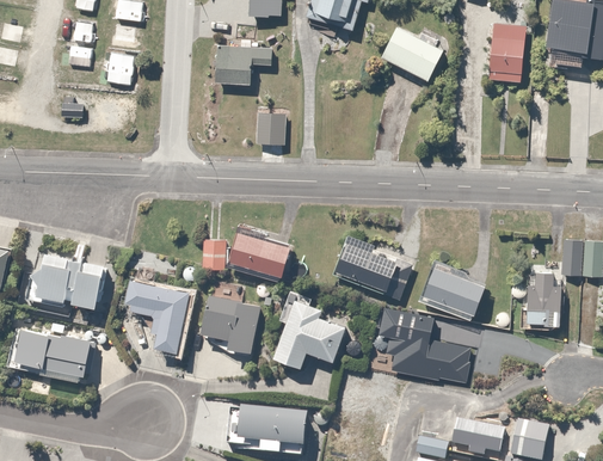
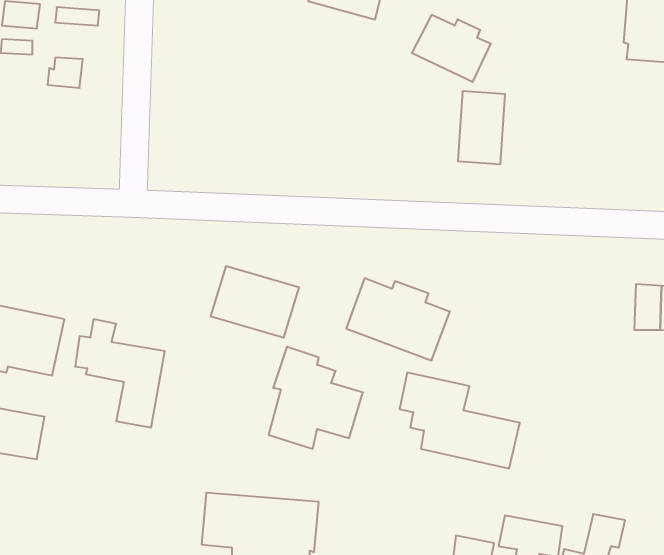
building: [490,25,527,82] -> [458,91,505,164]
building: [216,47,272,85] -> none
building: [256,105,283,146] -> none
building: [198,238,224,270] -> none
building: [420,264,488,320] -> none
building: [519,273,566,330] -> none
building: [203,284,264,356] -> none

